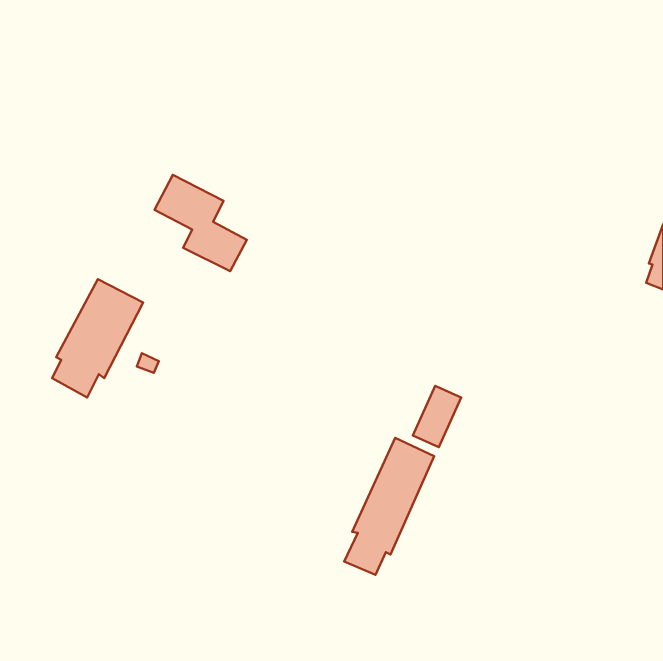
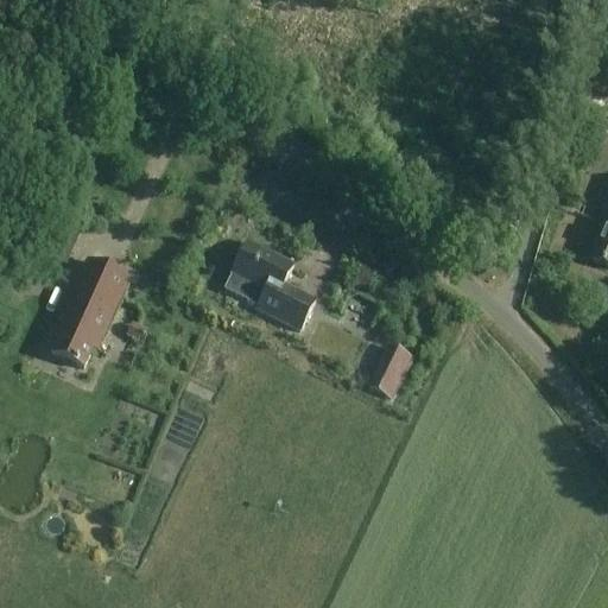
building: [154,175,247,271] -> [229,241,314,329]
building: [344,438,434,575] -> none

